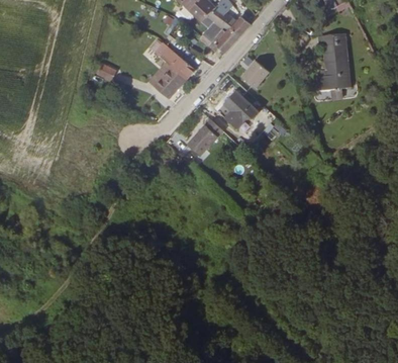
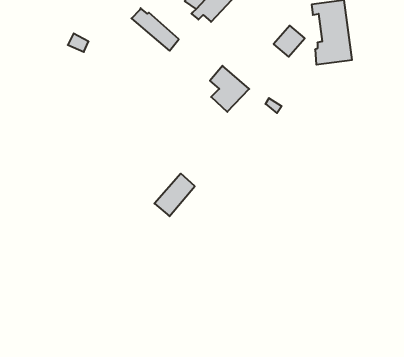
building: [241,59,269,86] -> [274,26,305,57]
building: [153,61,187,97] -> none
building: [186,117,221,155] -> [154,174,195,216]

